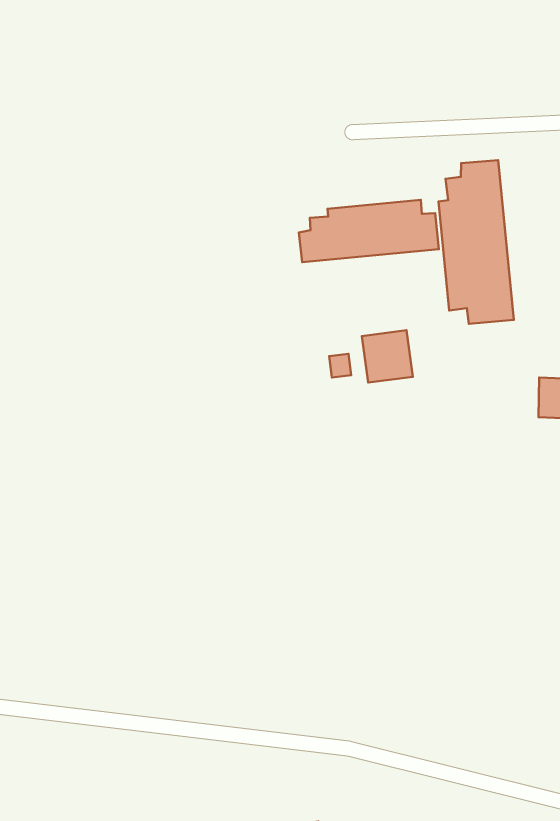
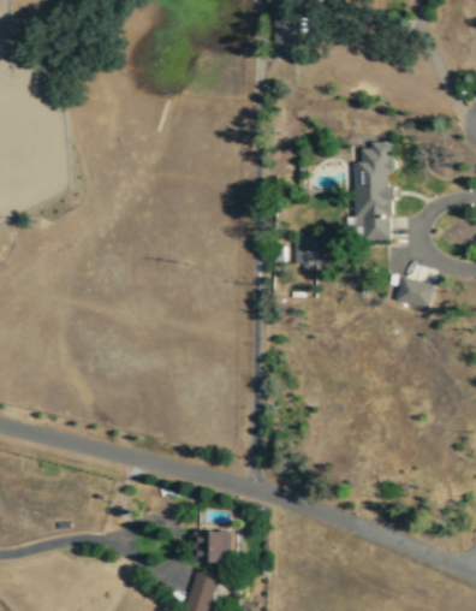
building: [299,200,439,262] -> none

